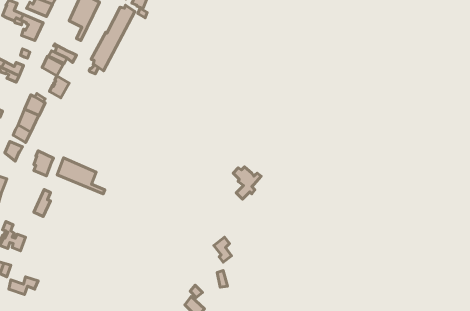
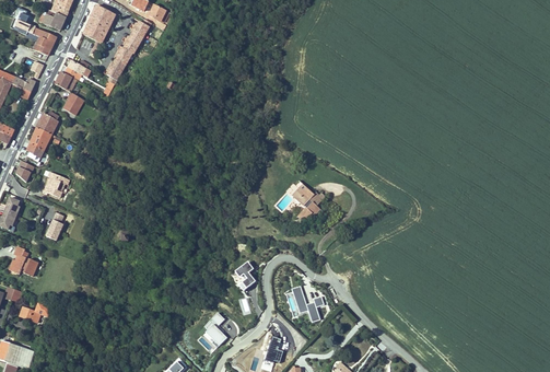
building: [57,158,105,194] -> none
building: [233,167,261,199] -> [294,187,324,221]
building: none -> [290,286,323,322]

